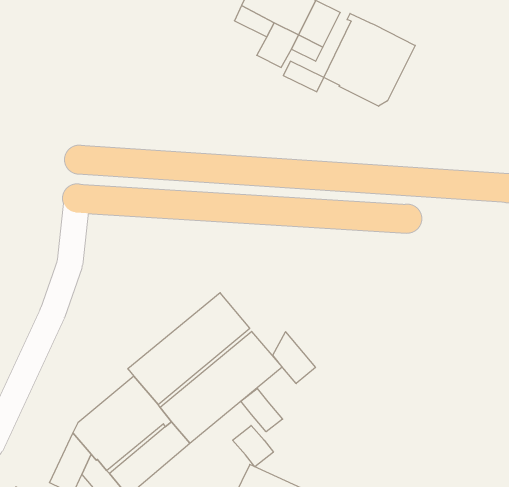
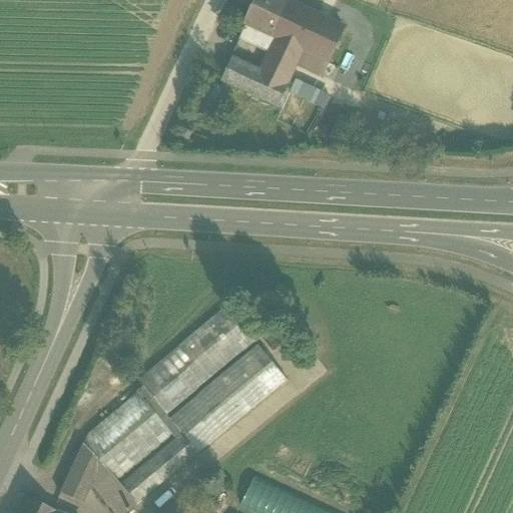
building: [324,13,415,106] -> none
building: none -> [222,57,286,107]
building: [273,332,315,384] -> none
building: [241,388,283,432] -> none
building: [233,425,273,467] -> none

